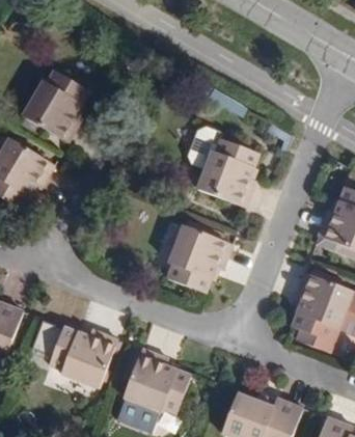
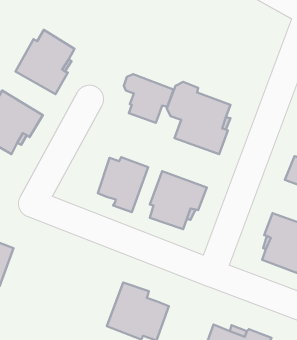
building: none -> [124,74,173,123]
building: none -> [98,157,148,212]
building: [50,327,116,387] -> none

